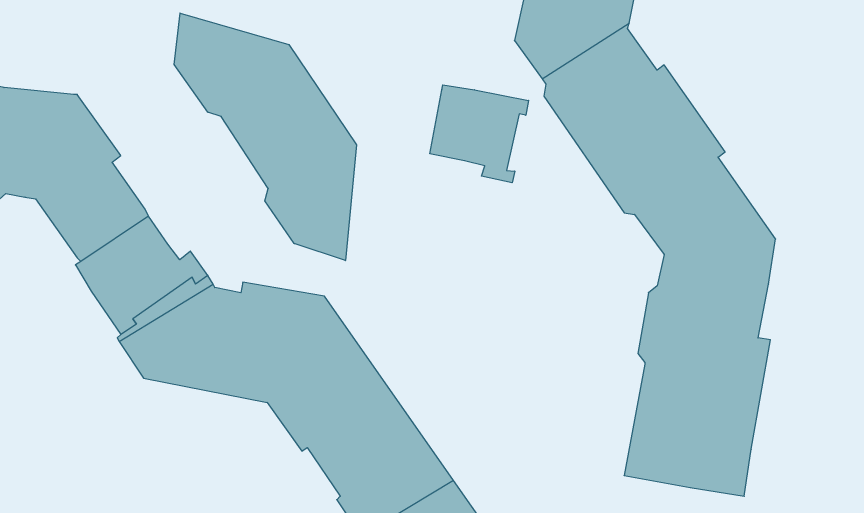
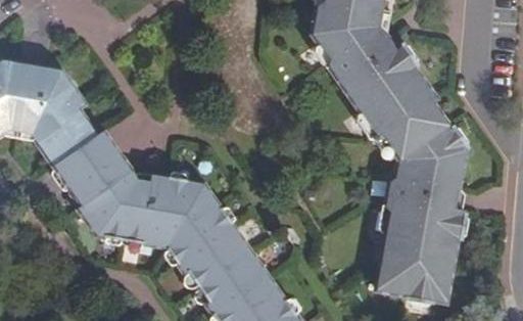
building: [174,13,357,261] -> none
building: [430,85,529,183] -> none

